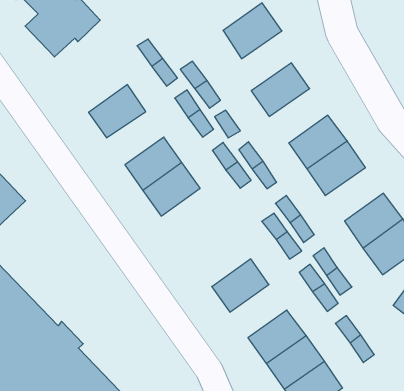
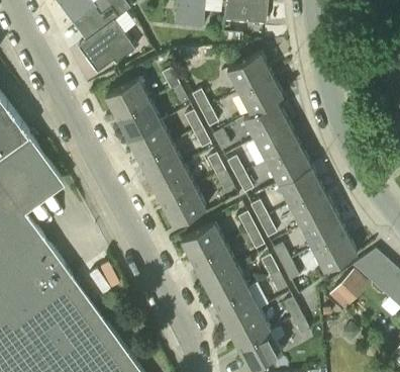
building: none -> [238,75,283,113]
building: none -> [105,78,149,117]
building: none -> [254,121,298,161]
building: none -> [128,122,172,161]
building: none -> [288,187,332,225]
building: none -> [162,186,206,225]
building: none -> [181,222,225,262]
building: none -> [204,266,247,304]

